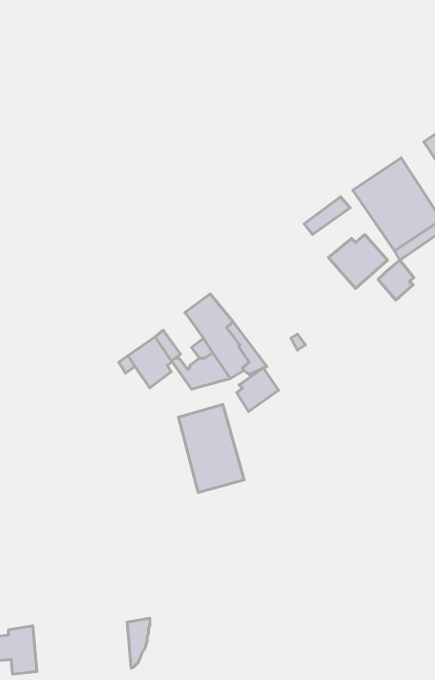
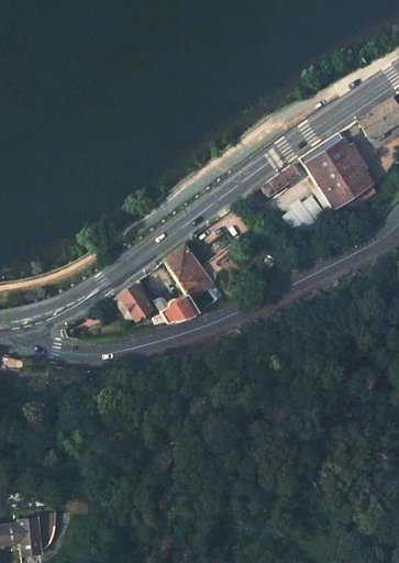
building: [378,260,414,300] -> none
building: [237,368,278,411] -> none
building: [179,404,244,492] -> none
building: [127,618,150,668] -> [37,511,56,552]

